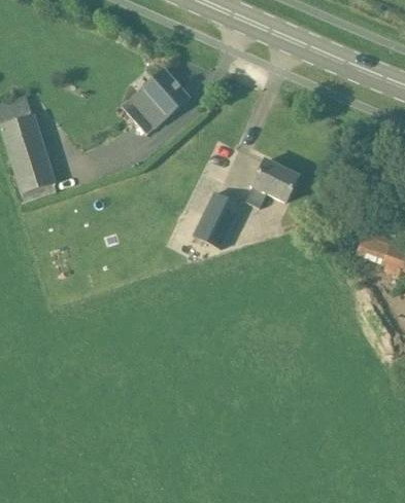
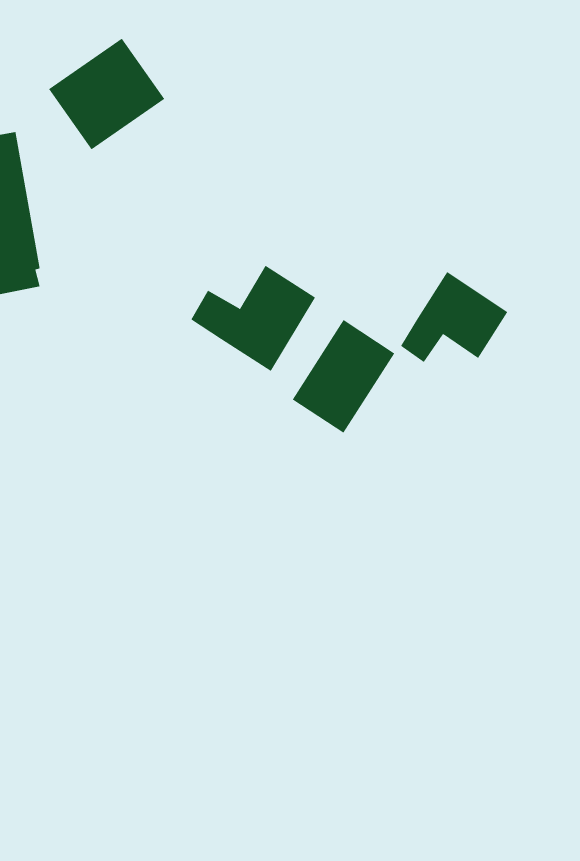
building: [128,68,189,128] -> [48,38,165,150]
building: none -> [190,265,316,372]

